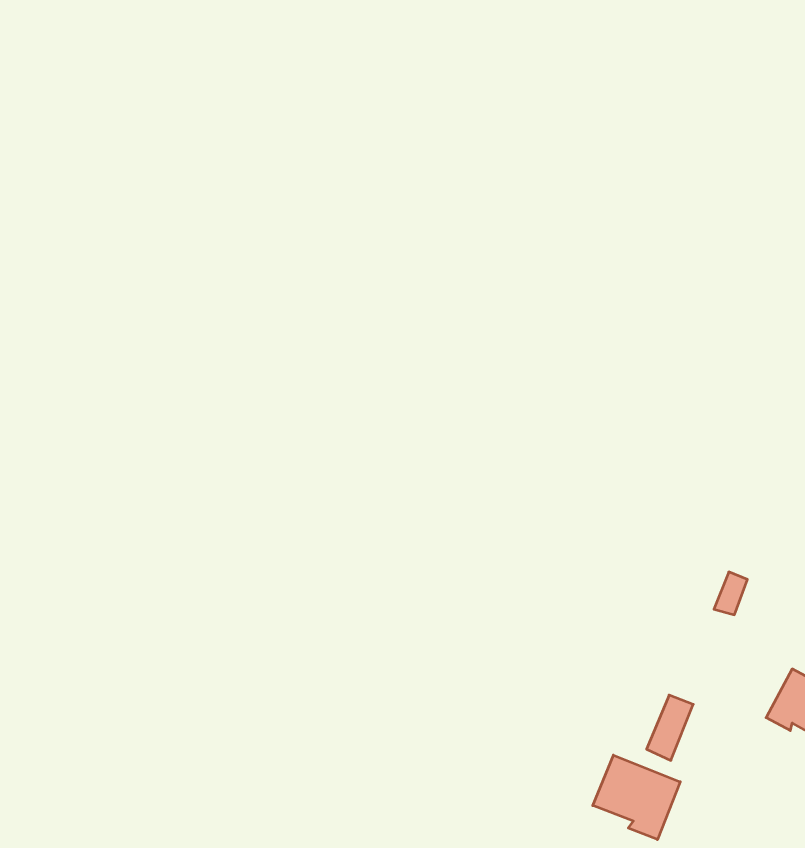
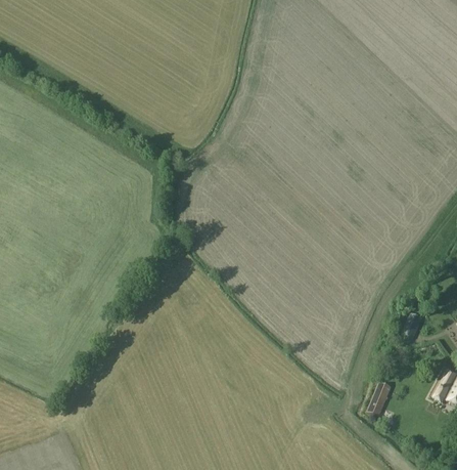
building: [593,755,680,840] -> none

